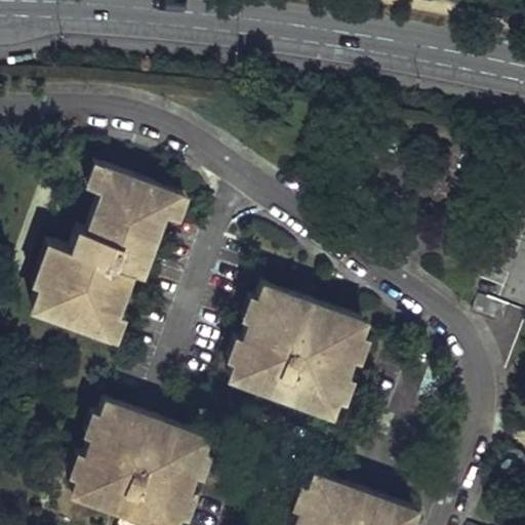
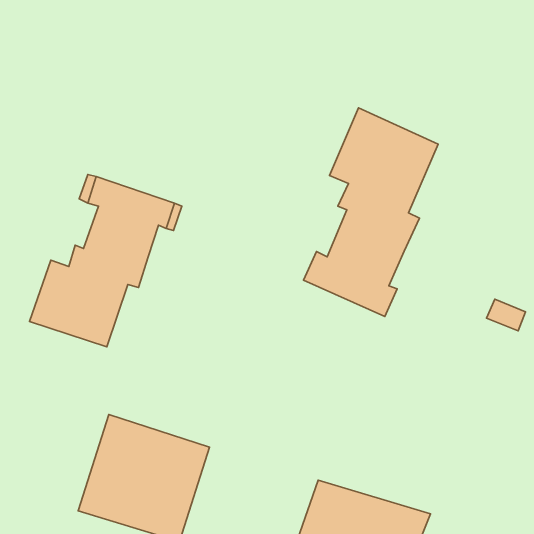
building: none -> [303,108,438,317]
building: [226,285,359,412] -> none

